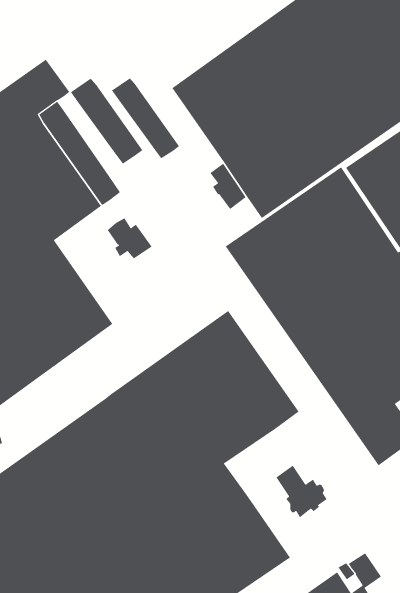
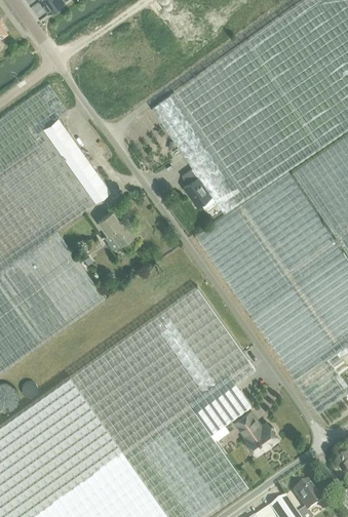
building: [111,78,180,159] -> none
building: [70,78,143,164] -> none
building: none -> [194,384,250,441]

